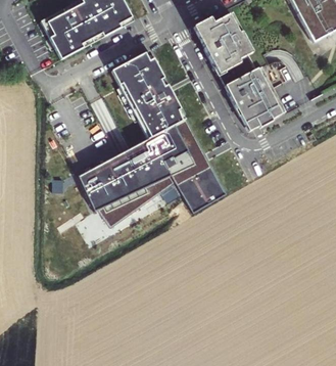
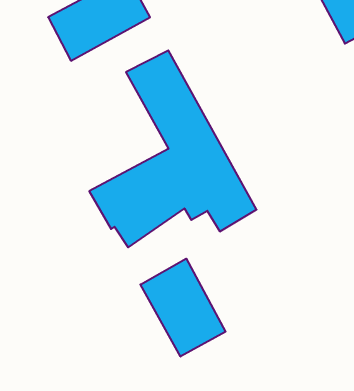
building: [192,13,285,130] -> none
building: none -> [140,259,226,357]

